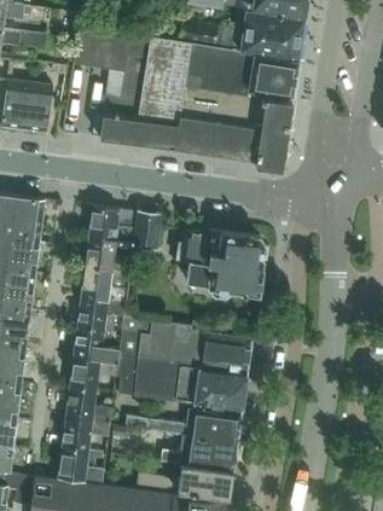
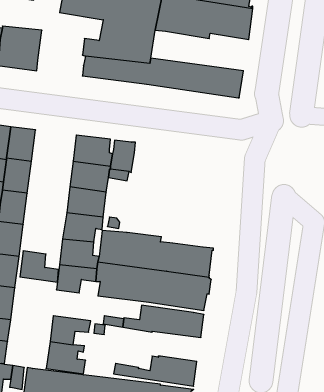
building: [180,85,291,132] -> none
building: [176,230,265,300] -> none
building: [66,387,111,423] -> [20,251,58,282]
building: [161,435,239,470] -> none

